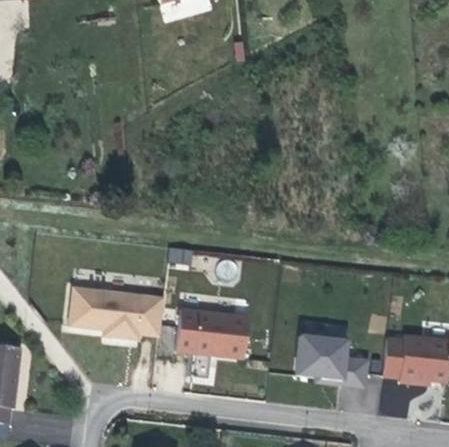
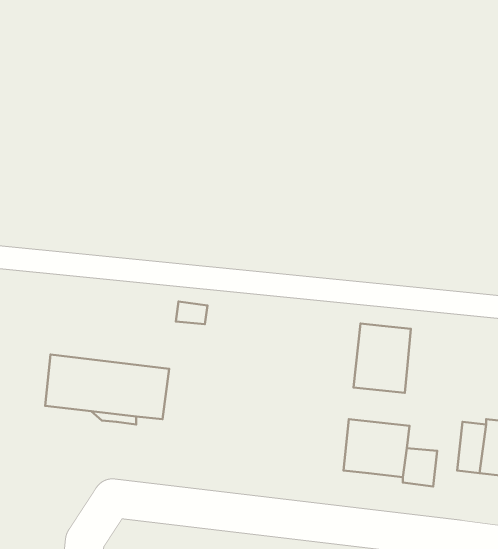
building: none -> [353,324,411,393]
building: [175,309,248,358] -> none

